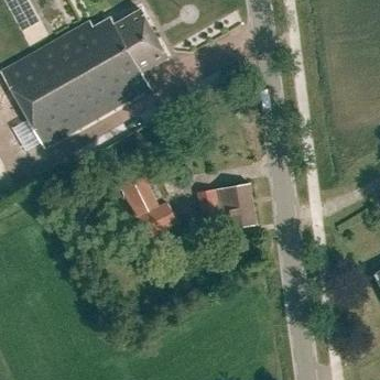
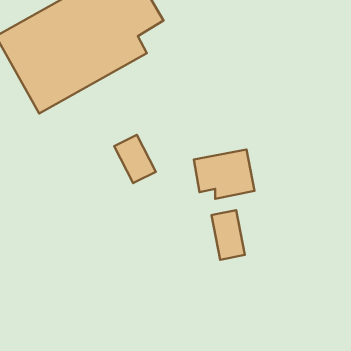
building: [140,199,180,236] -> none
building: none -> [212,210,245,260]

